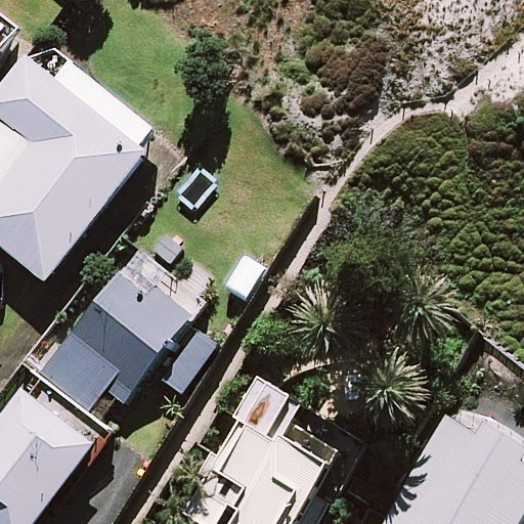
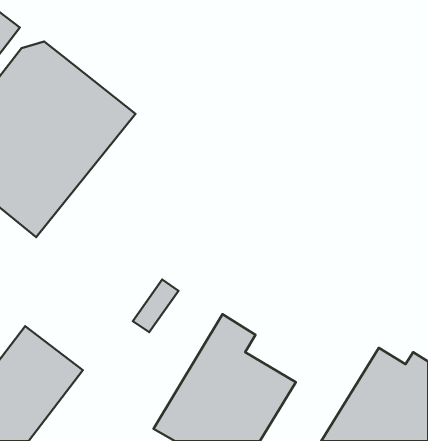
building: [23,270,189,411] -> none

